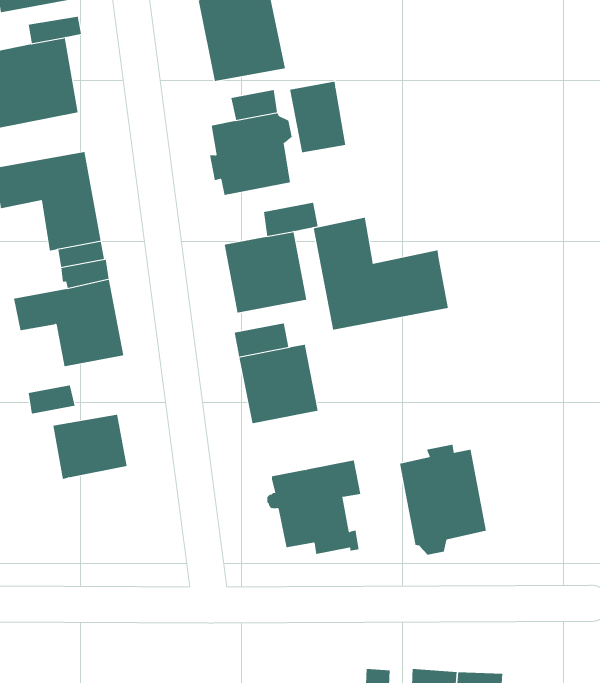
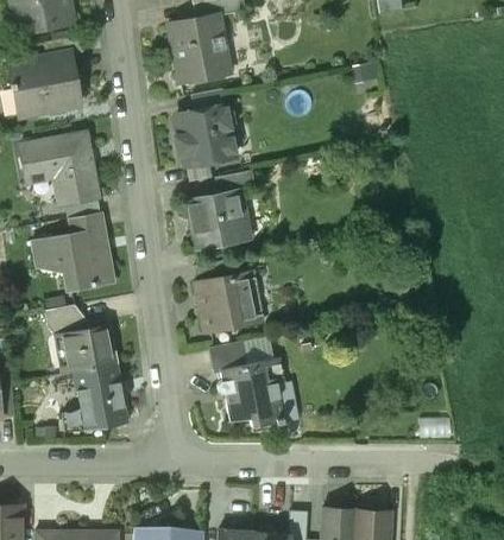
building: [290,81,346,153] -> none
building: [313,217,449,331] -> none
building: none -> [210,342,246,374]
building: [399,444,486,555] -> none
building: none -> [74,363,128,431]

